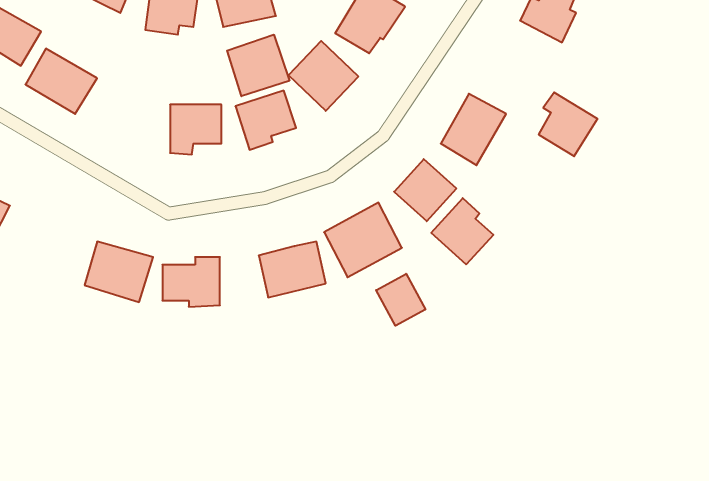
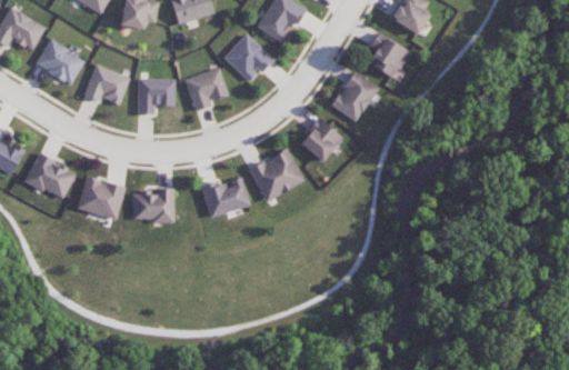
building: [227,35,289,96] -> none
building: none -> [83,64,129,104]
building: [539,92,598,156] -> [367,33,409,79]
building: [431,198,493,264] -> none
building: none -> [24,156,74,198]
building: [376,274,425,326] -> none

